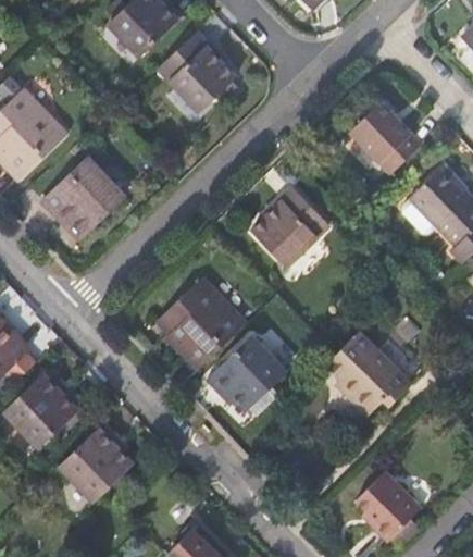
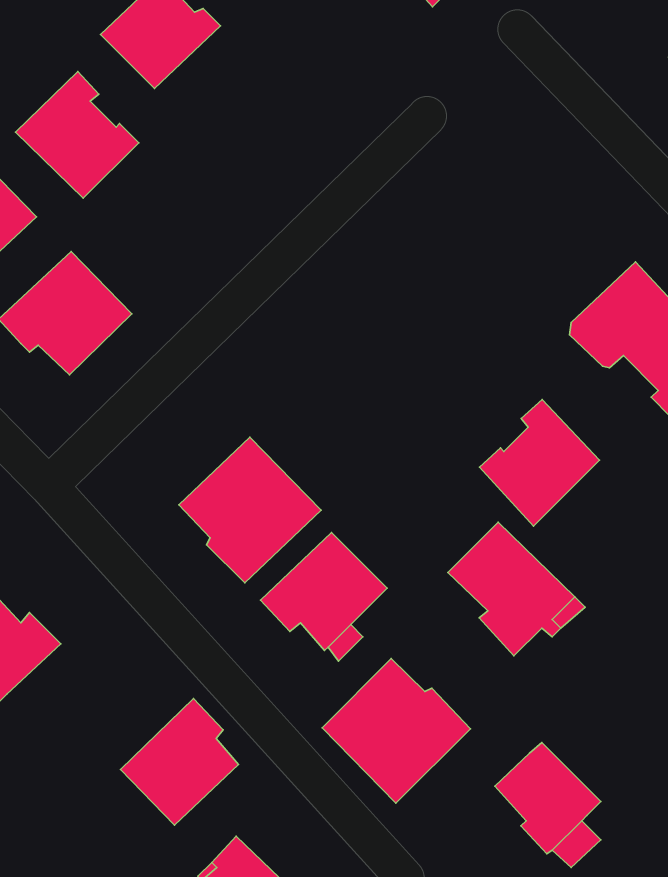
building: [160,33,237,112] -> [15,72,139,198]
building: [350,101,422,173] -> none
building: [251,189,326,269] -> [480,399,599,526]
building: none -> [322,658,471,803]
building: [57,421,130,500] -> [121,698,239,825]

